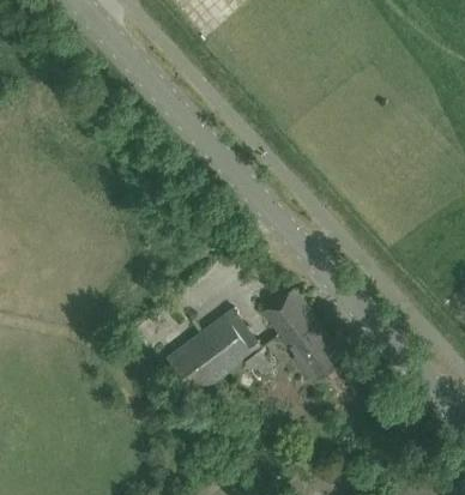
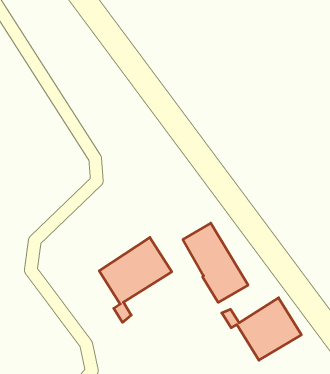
building: none -> [222,298,301,360]

